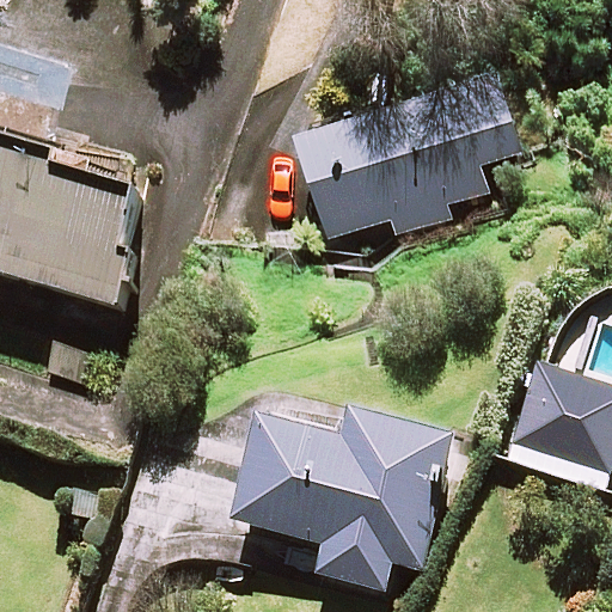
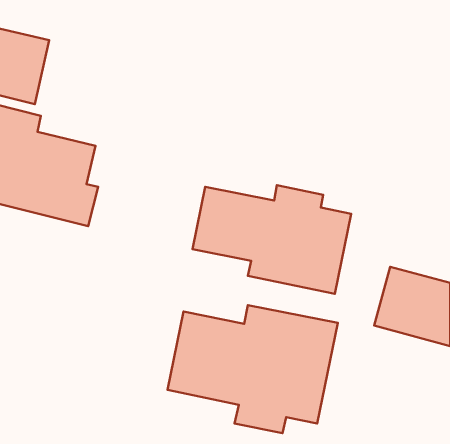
building: [296,81,513,230] -> none
building: none -> [193,185,351,294]

